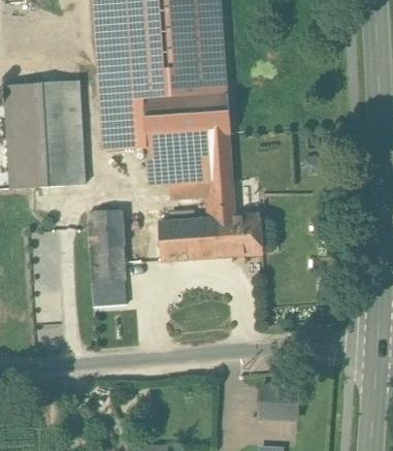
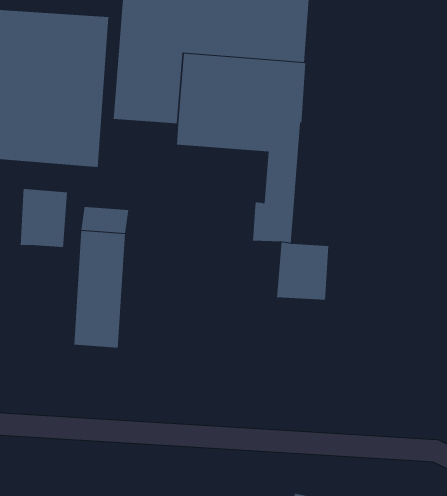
building: [146,157,211,196] -> none
building: none -> [20,188,67,248]
building: [159,217,229,259] -> none

